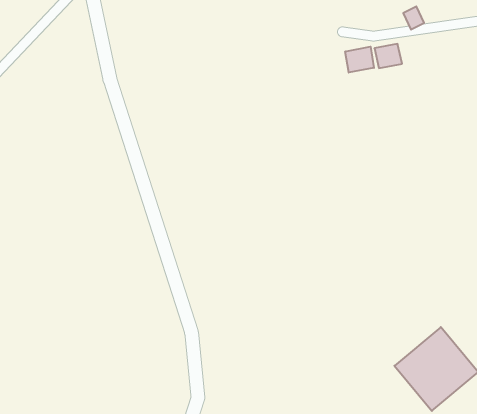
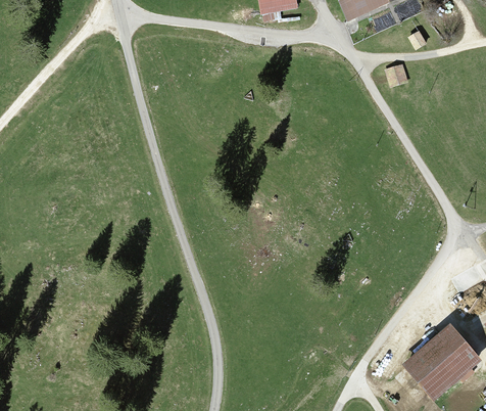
building: [345,47,374,73] -> none

